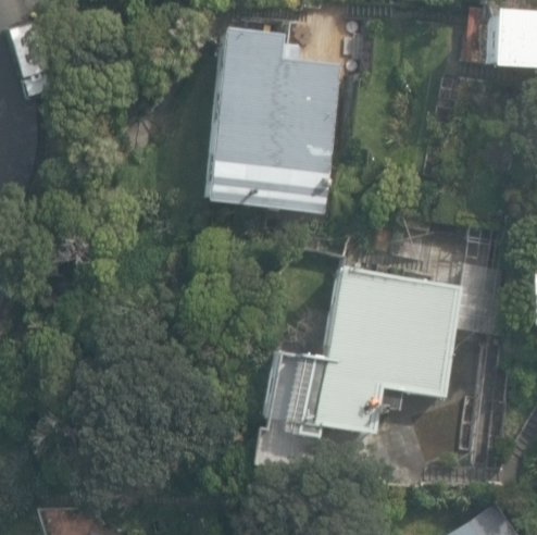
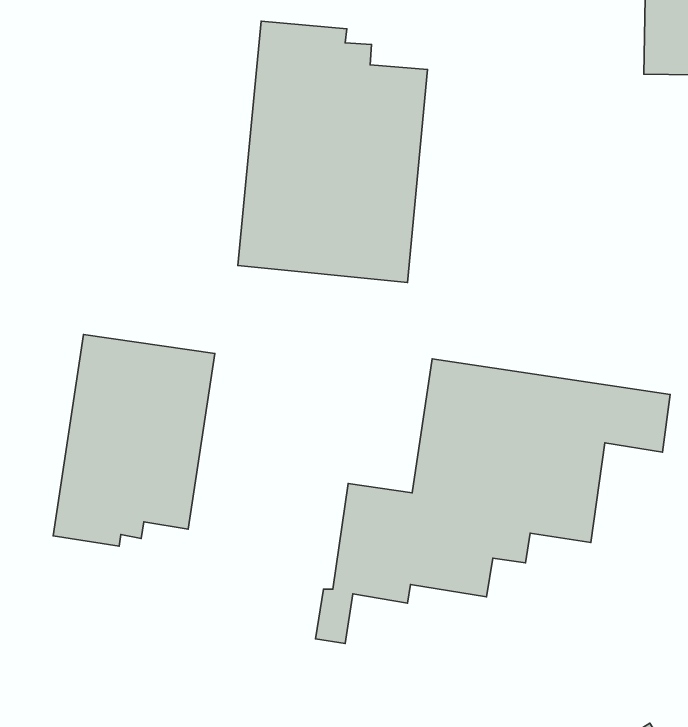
building: none -> [53,334,215,546]

